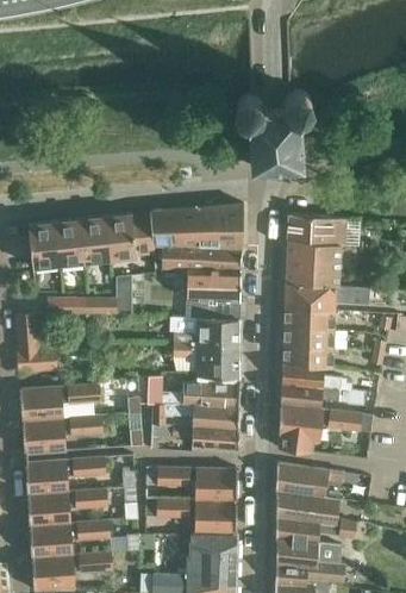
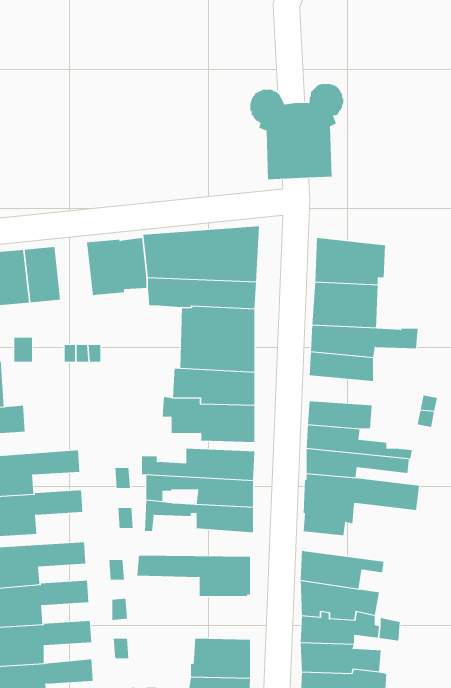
building: [80,217,110,263] -> none
building: [283,324,348,348] -> none
building: [145,499,237,535] -> none

